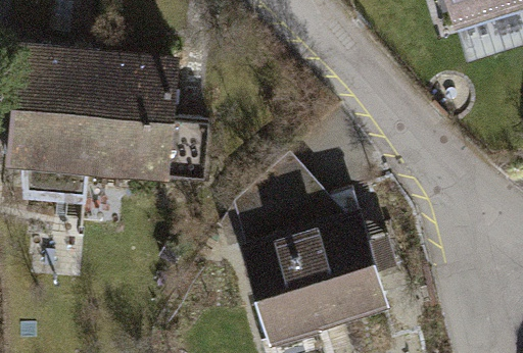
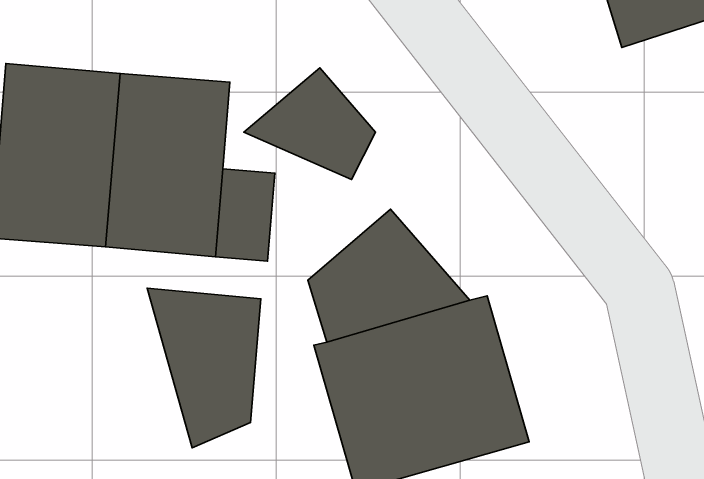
building: none -> [244,68,375,180]
building: none -> [147,288,261,448]

